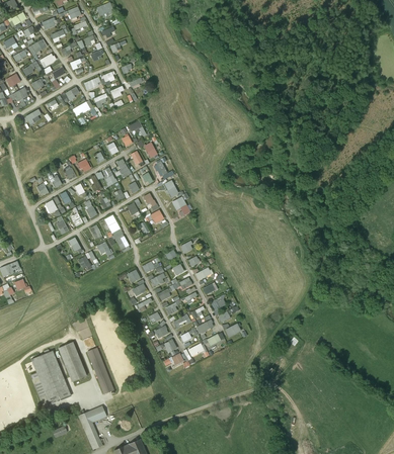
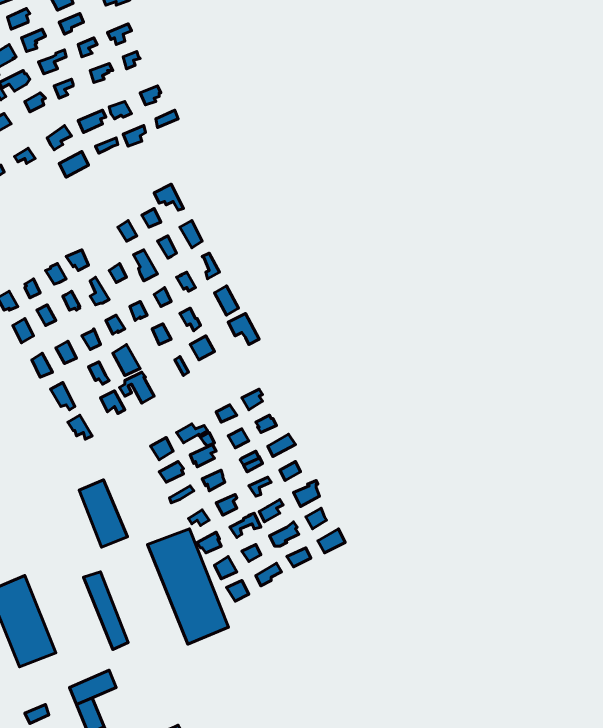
building: none -> [148,529,228,644]
building: [58,343,86,382] -> [79,480,127,547]

